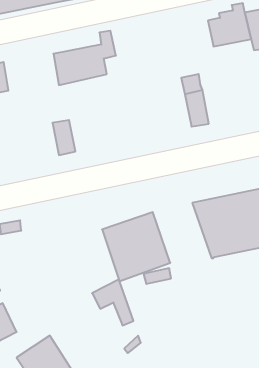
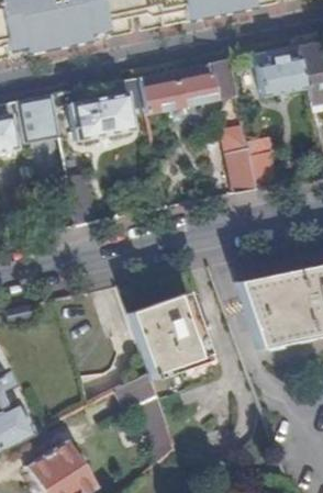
building: none -> [141,56,240,114]
building: none -> [19,93,58,126]
building: none -> [248,136,277,187]

